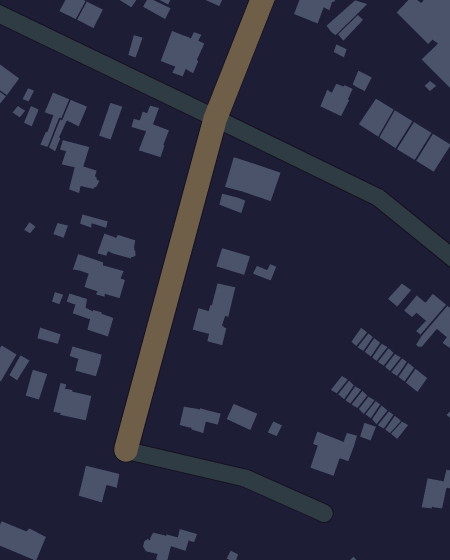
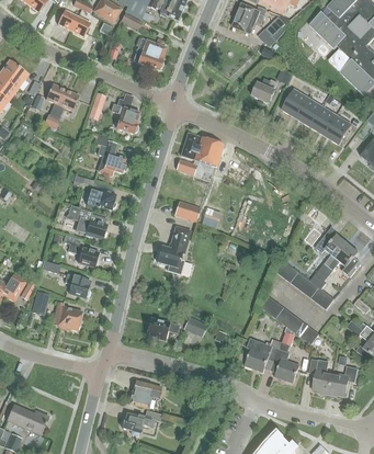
building: [59,140,100,194] -> [97,136,127,177]
building: none -> [274,349,299,383]
building: none -> [309,359,332,395]
building: [78,465,120,503] -> [129,381,161,409]

